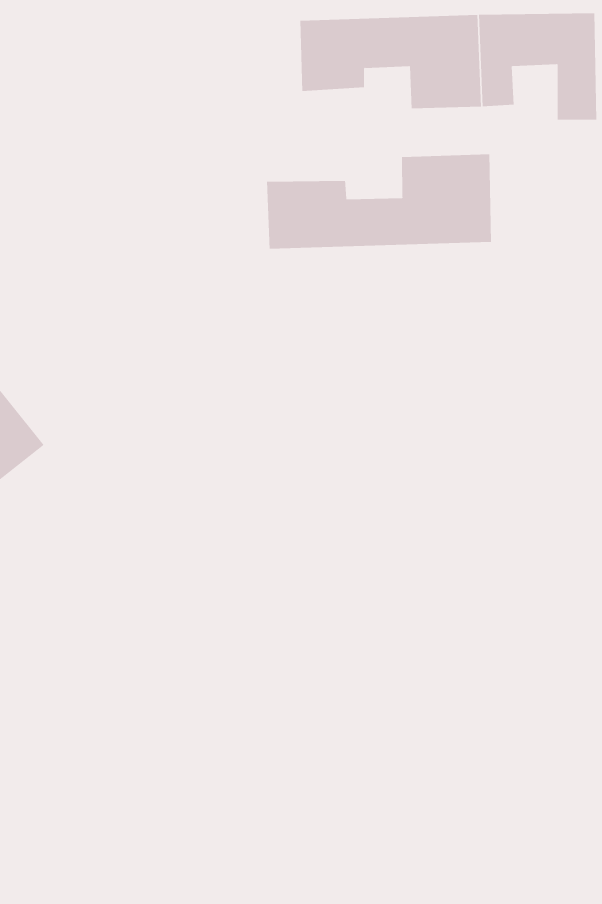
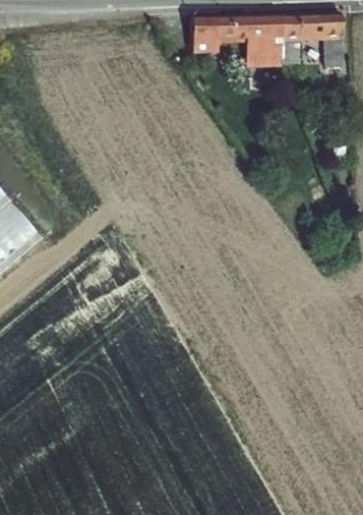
building: [267,153,492,250] -> none

